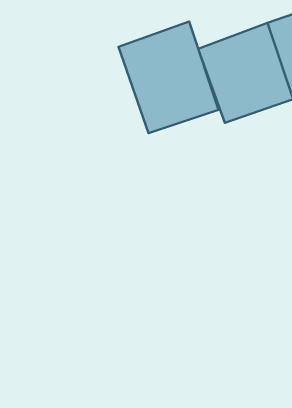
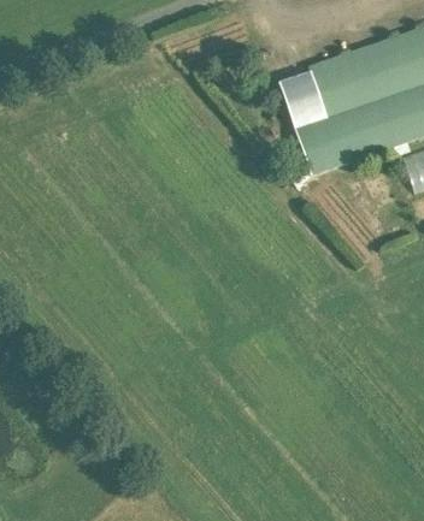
building: [118,21,218,133] -> none

